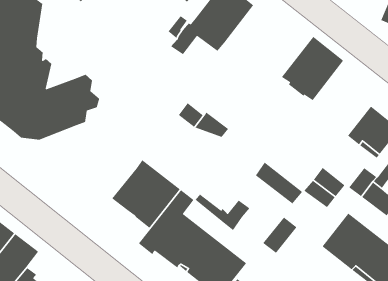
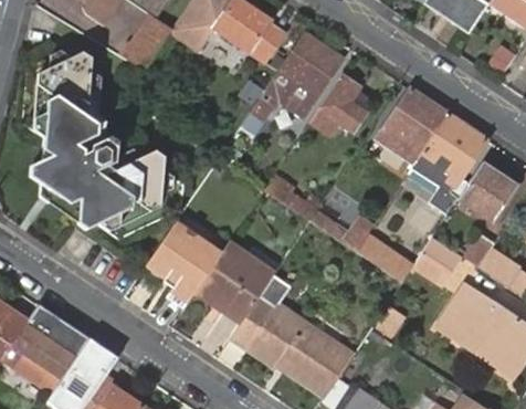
building: none -> [307,75,371,138]
building: none -> [412,114,487,214]
building: none -> [148,223,221,308]
building: [195,194,250,231] -> [311,212,375,252]

